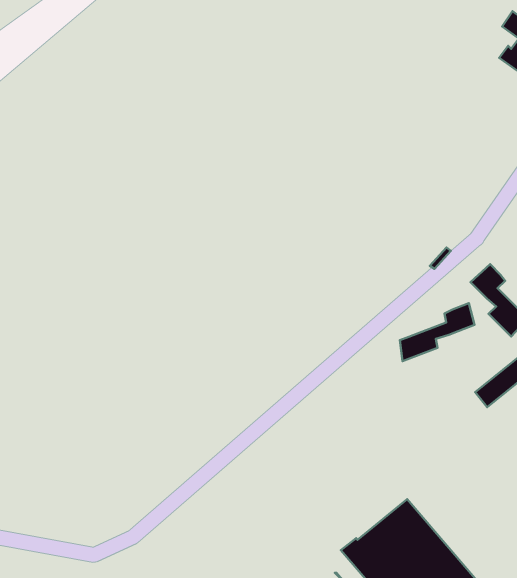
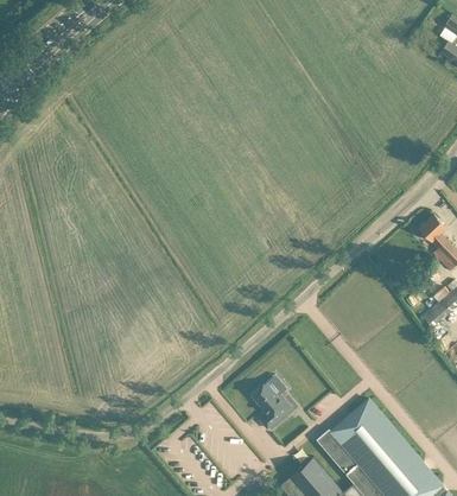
building: [400,303,474,361] -> none
building: none -> [252,381,292,428]

